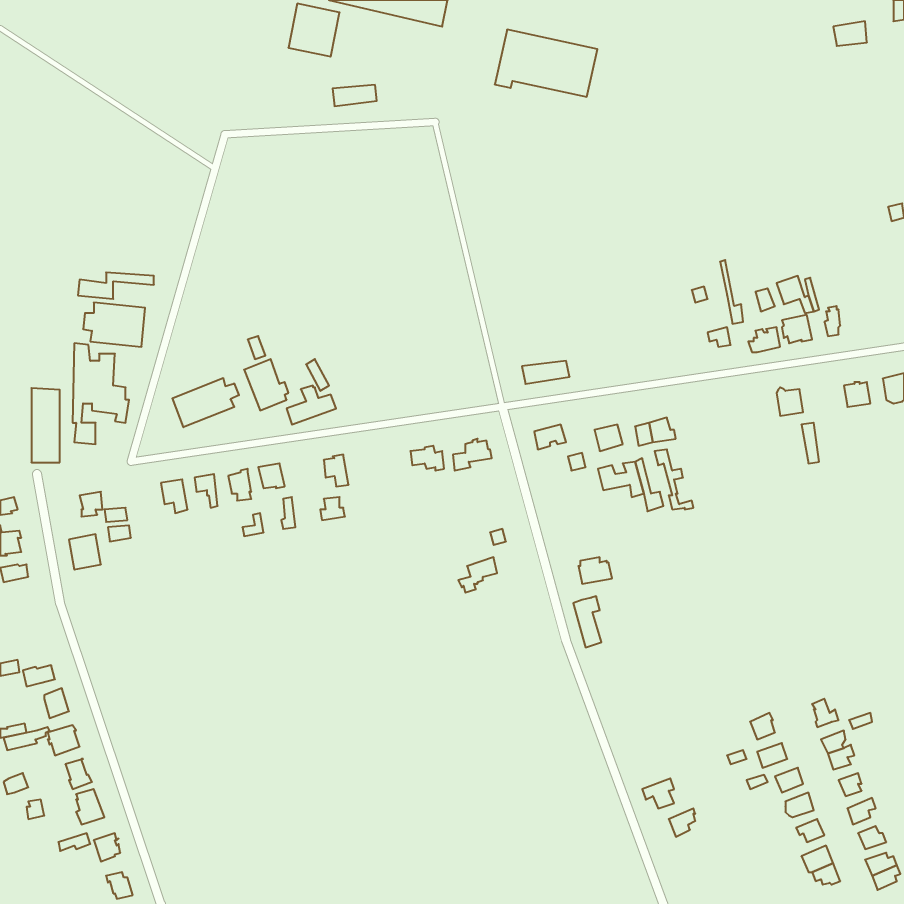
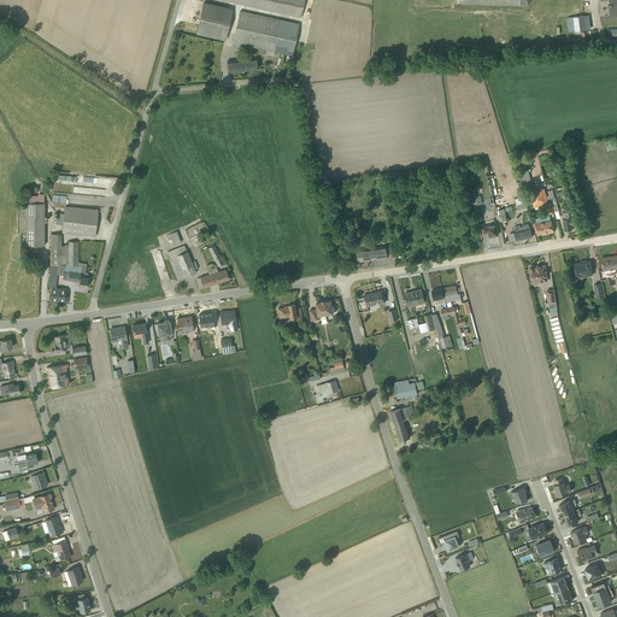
building: [495,30,597,97] -> [230,10,300,55]
building: [172,378,239,427] -> none
building: [31,388,60,462] -> [25,195,45,246]

